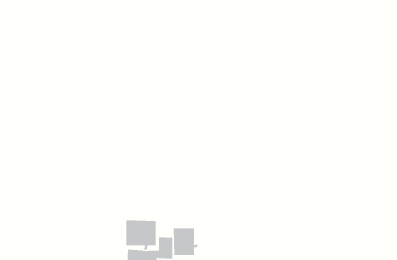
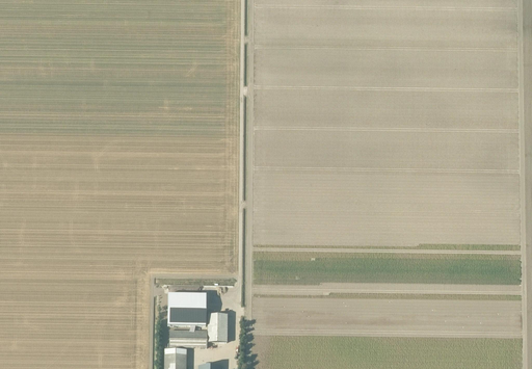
building: [173,227,198,256] -> none

